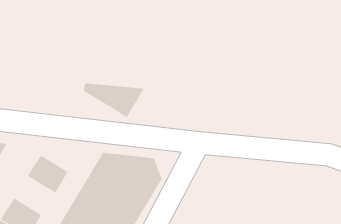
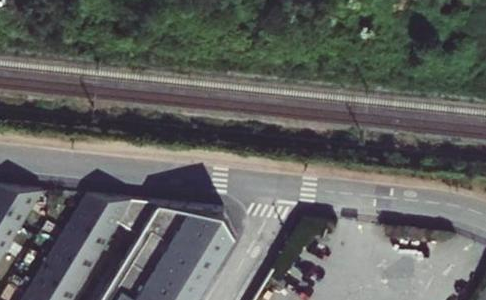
building: [83,83,145,118] -> [80,198,157,242]
building: none -> [47,234,99,283]

